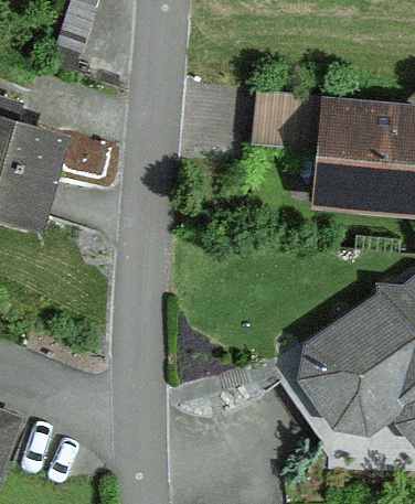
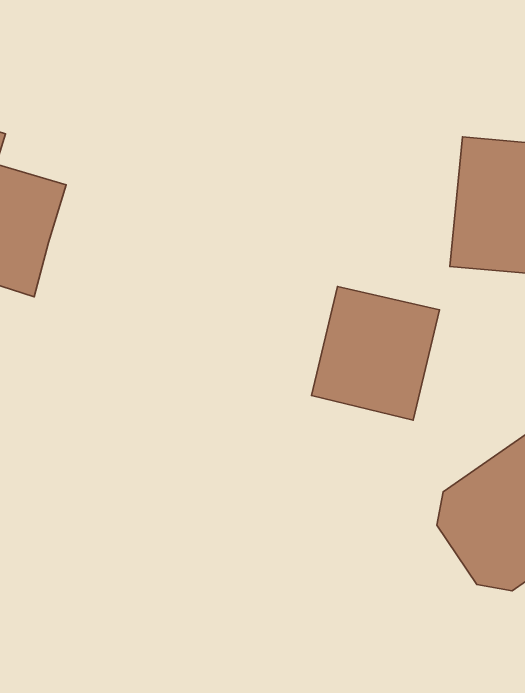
building: none -> [312,287,440,420]

